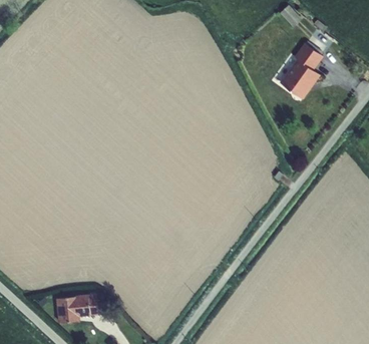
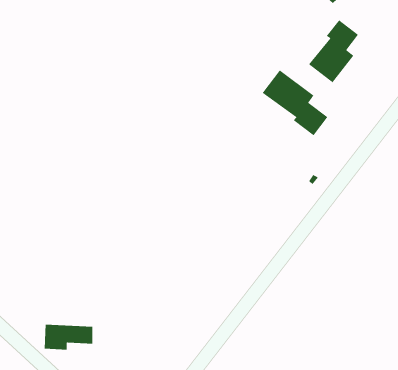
building: none -> [262,69,328,136]

